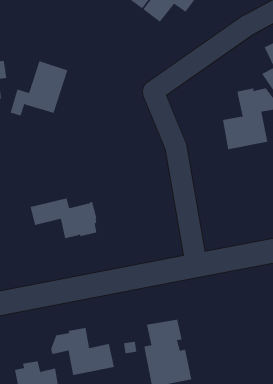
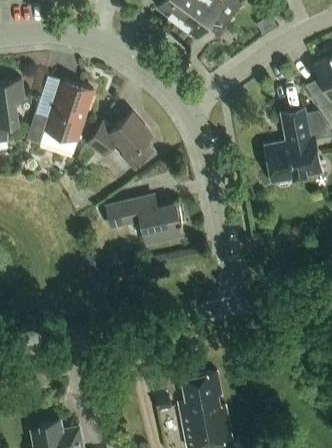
building: none -> [87,113,154,170]
building: [30,198,97,239] -> [106,197,182,243]
building: [51,327,115,376] -> none

